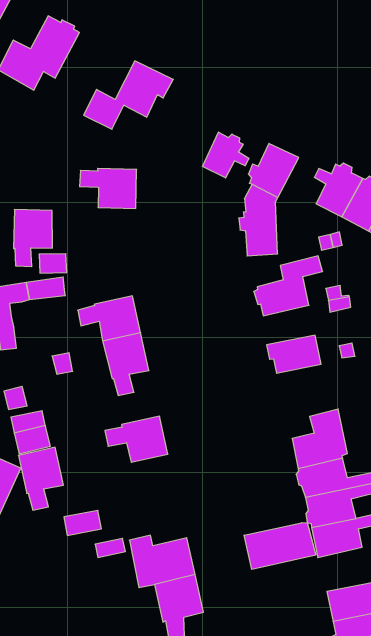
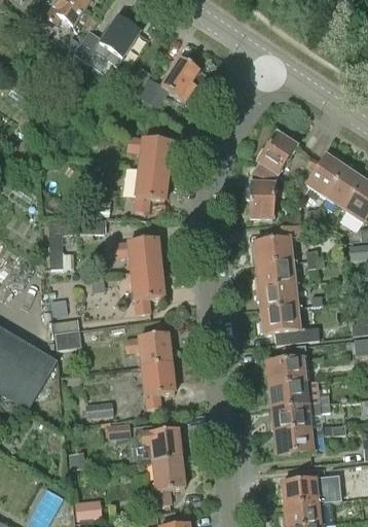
building: [203,132,249,178] -> none
building: [14,210,52,267] -> [135,168,168,213]
building: none -> [255,261,294,288]
building: none -> [259,308,318,345]
building: [18,447,63,510] -> [142,363,174,410]
building: [244,523,316,569] -> none

